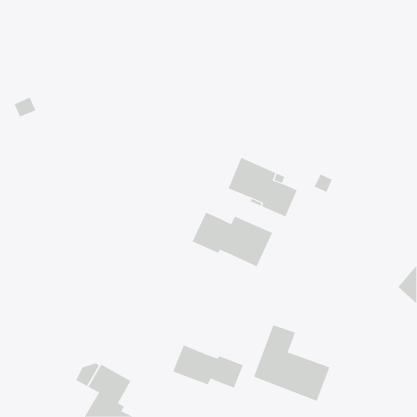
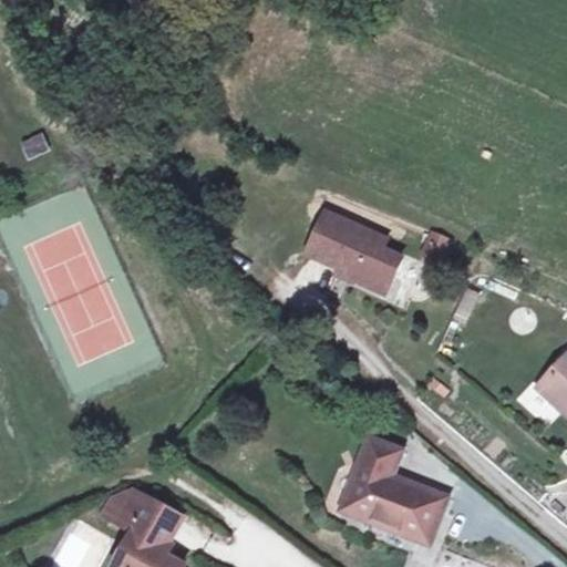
building: [192,212,273,267] -> none
building: [173,345,244,389] -> none

